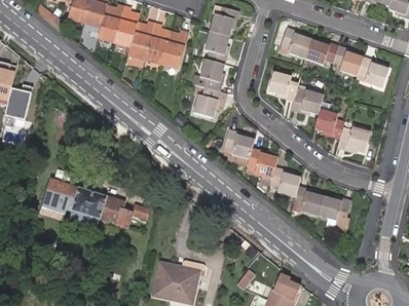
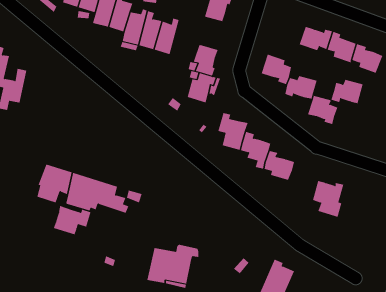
building: [281,28,310,59] -> none
building: [203,31,228,64] -> none
building: [335,127,368,152] -> [330,79,363,104]
building: [293,184,323,214] -> none
building: none -> [53,205,91,235]

